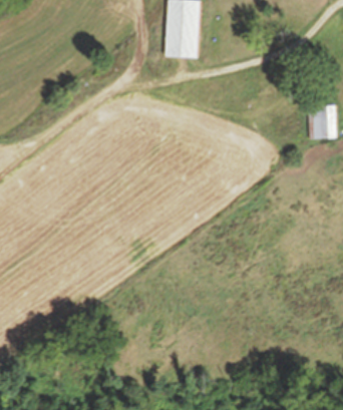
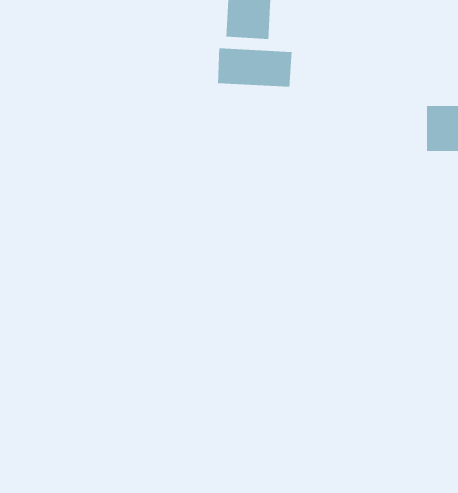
building: none -> [218,48,292,87]

